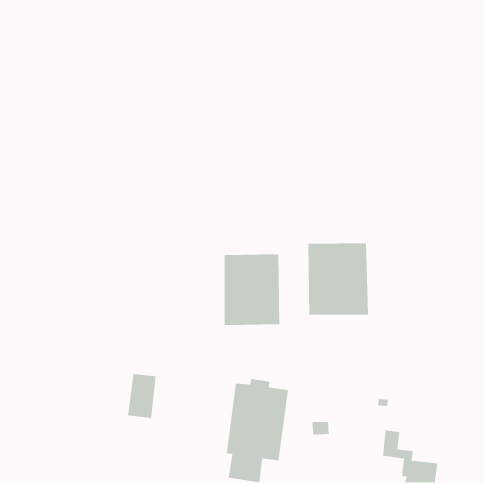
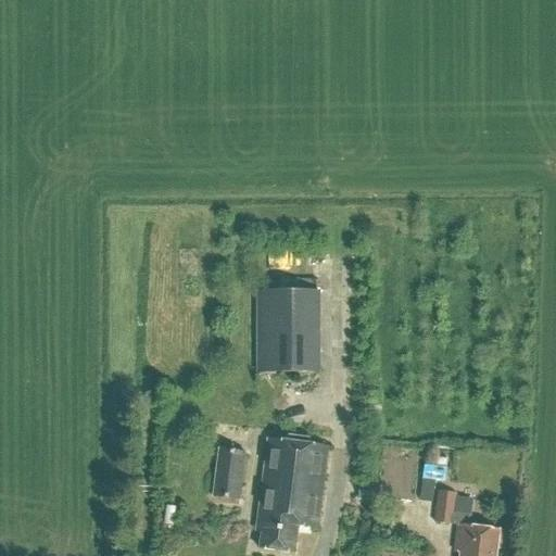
building: [308,243,369,316] -> none
building: [127,373,157,419] -> [211,447,244,500]

